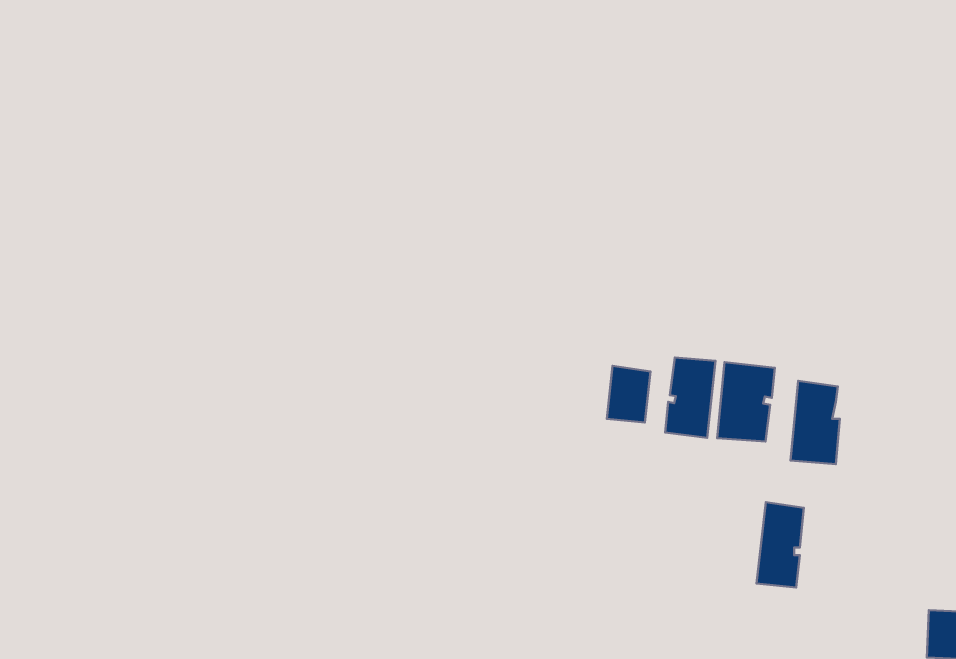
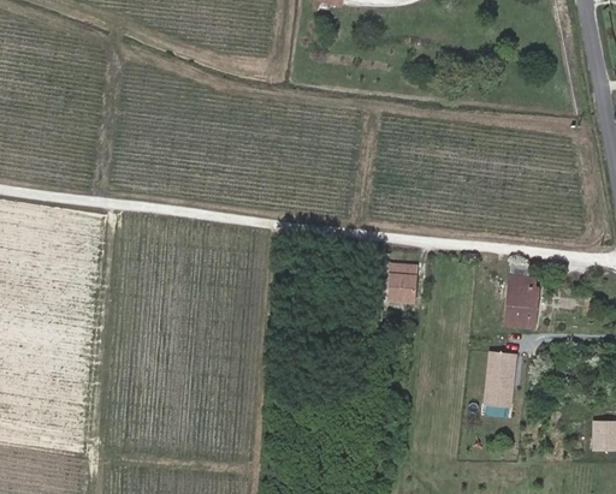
building: [665,358,715,438] -> none
building: [717,362,775,442] -> none

